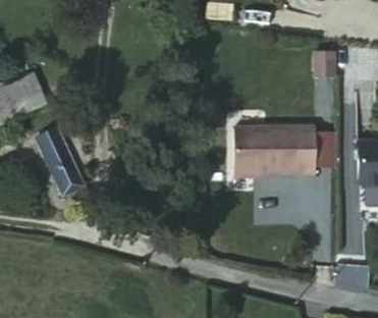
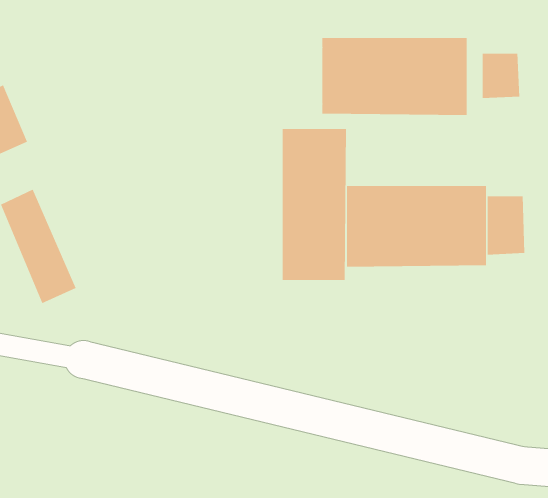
building: none -> [322,37,467,116]
building: none -> [282,128,347,281]

